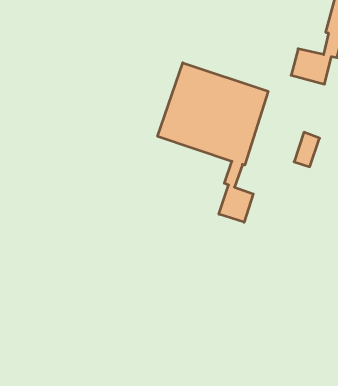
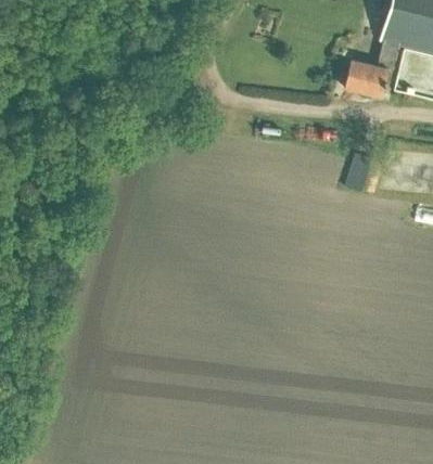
building: [158,63,268,222] -> none

